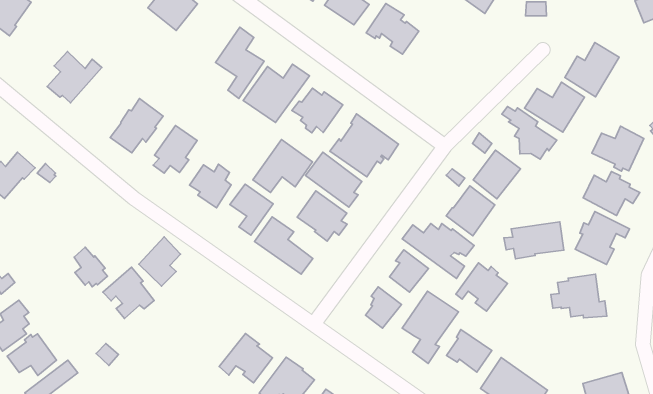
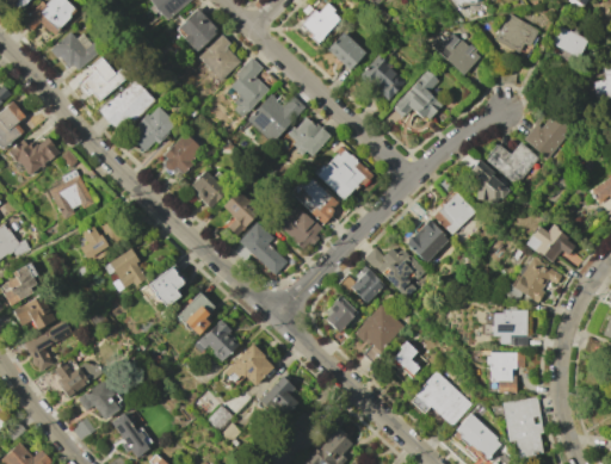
building: none -> [199,35,241,80]
building: none -> [393,69,443,119]
building: none -> [51,32,103,69]
building: none -> [98,79,156,129]
building: [592,126,644,171] -> none
building: [253,139,312,192] -> none
building: none -> [50,168,94,218]
building: [504,222,564,259] -> none
building: [139,237,181,286] -> [150,264,187,305]
building: [456,263,507,311] -> none
building: none -> [178,292,215,334]
building: none -> [488,352,526,391]

